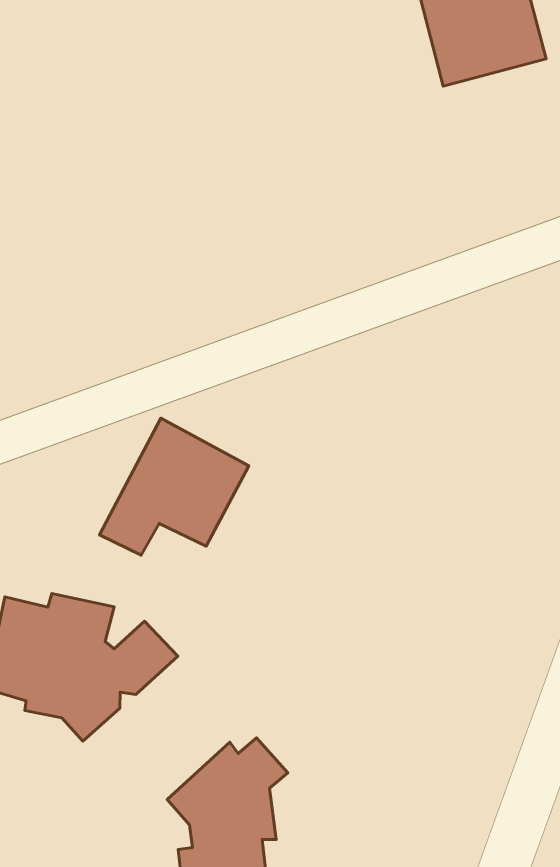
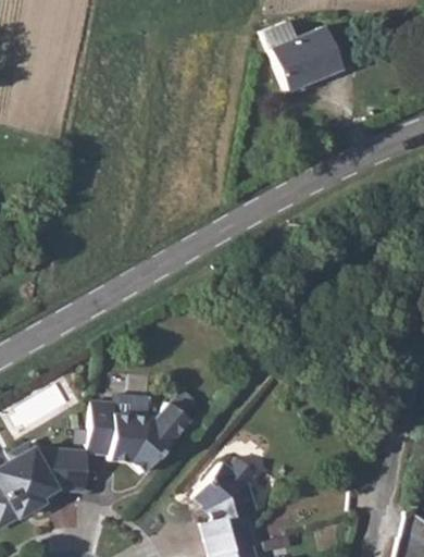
building: [99,418,249,555] -> none

